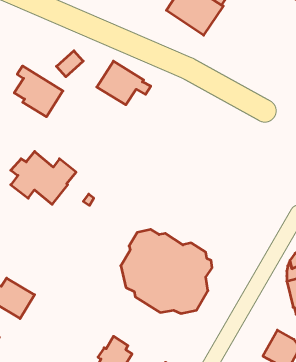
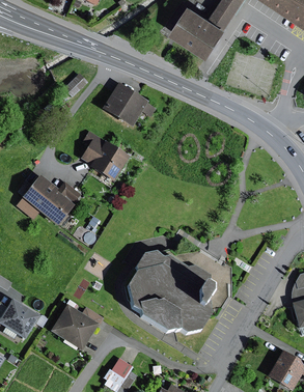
building: [14,66,63,117] -> [81,131,130,181]
building: none -> [50,303,103,351]

